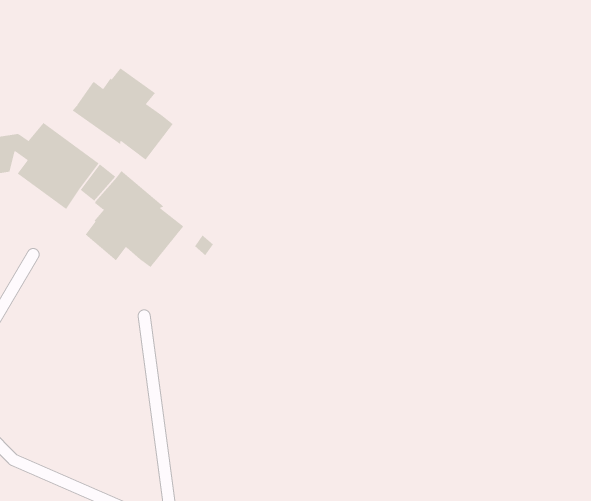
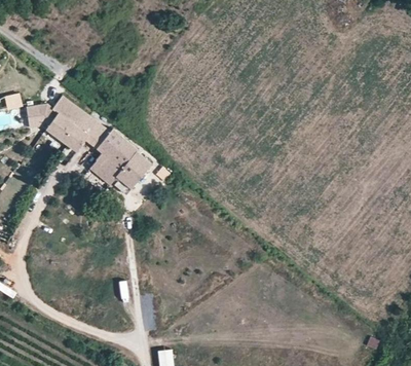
building: [72,68,174,161] -> none

